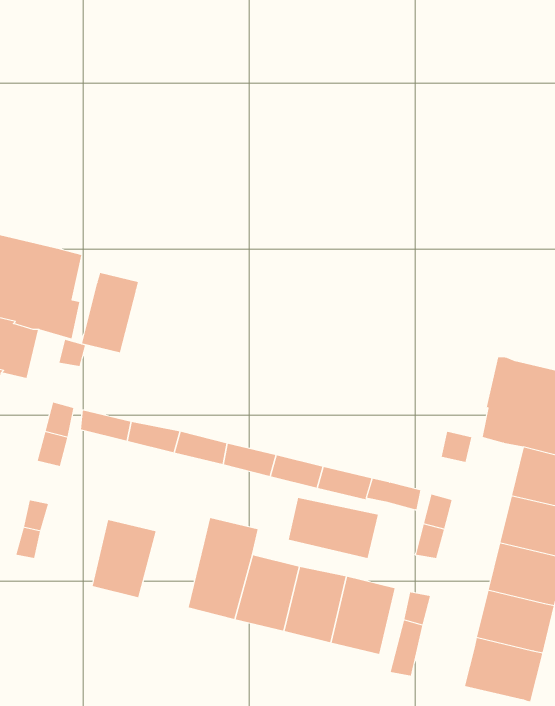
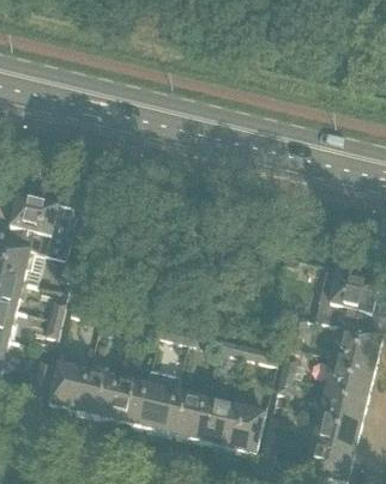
building: [82,272,138,353] -> none
building: [288,497,378,559] -> none
building: none -> [48,362,88,410]
building: none -> [107,376,146,423]

